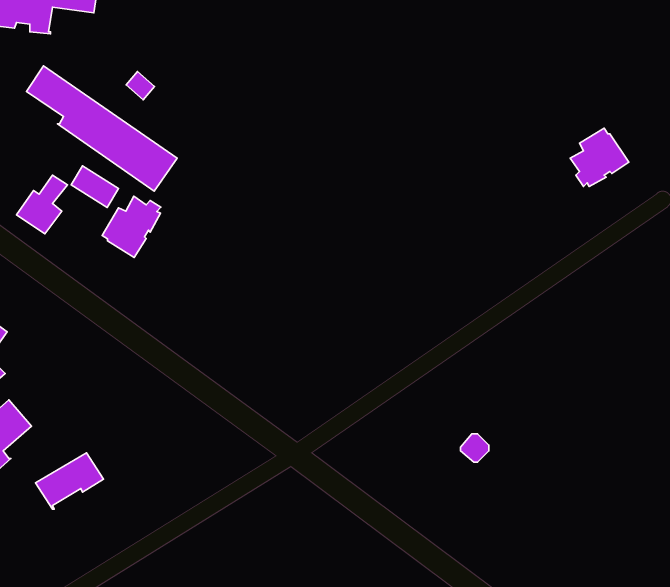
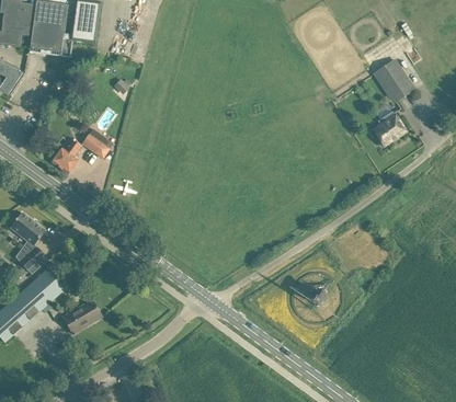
building: none -> [375,61,411,102]
building: [27,66,177,191] -> none
building: [102,196,161,258] -> none

